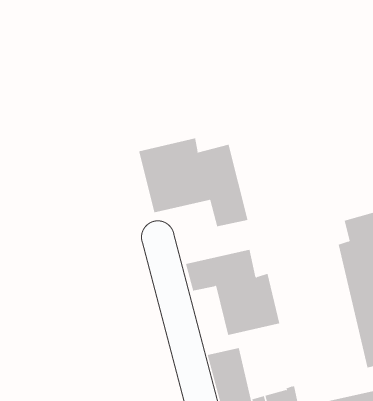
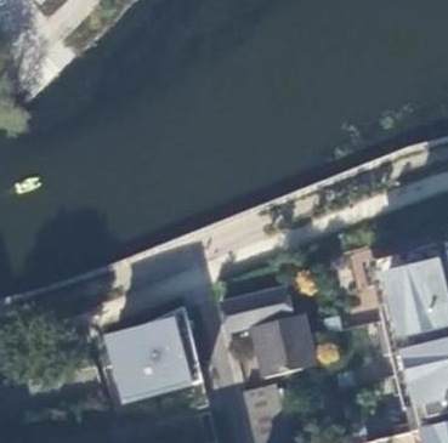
building: [139,137,248,227] -> none
building: none -> [109,307,202,399]

